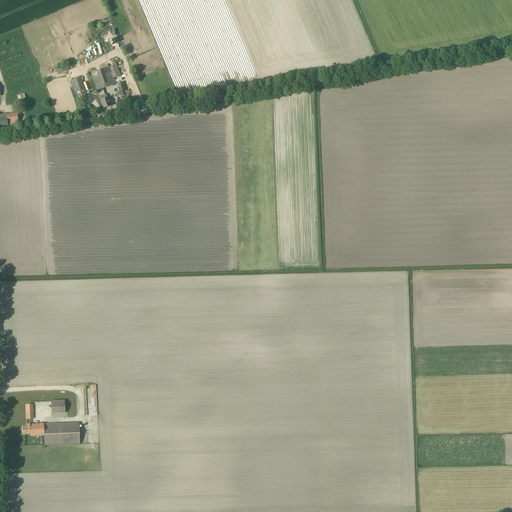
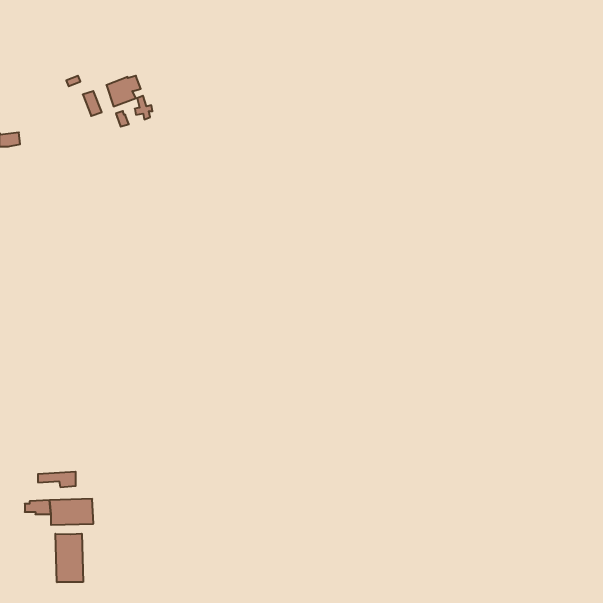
building: none -> [55,534,83,582]

